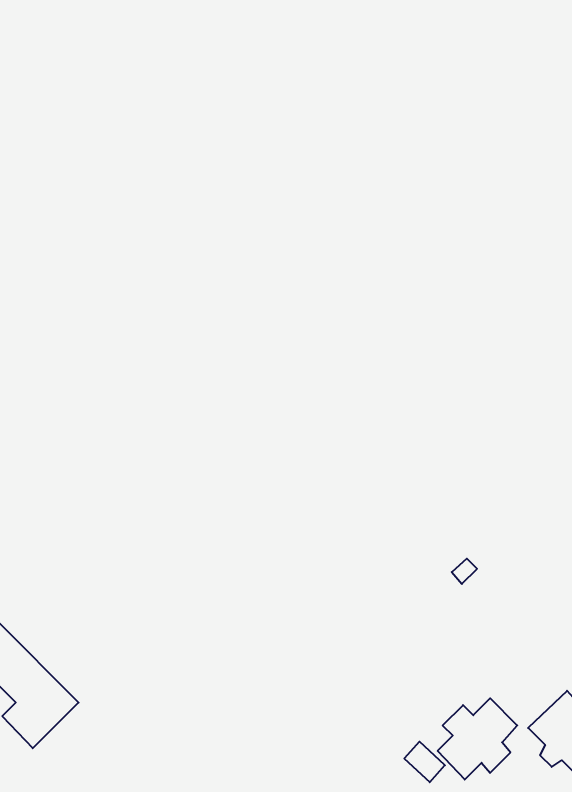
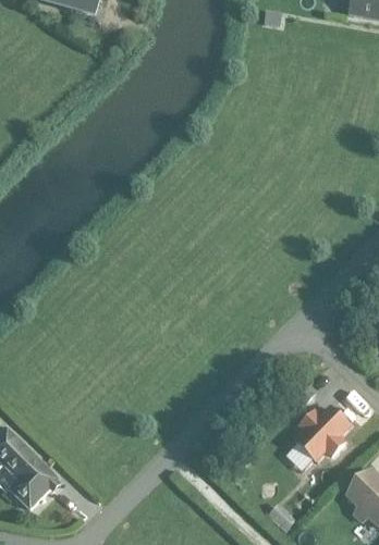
building: [438,698,517,780] -> [297,407,349,459]

